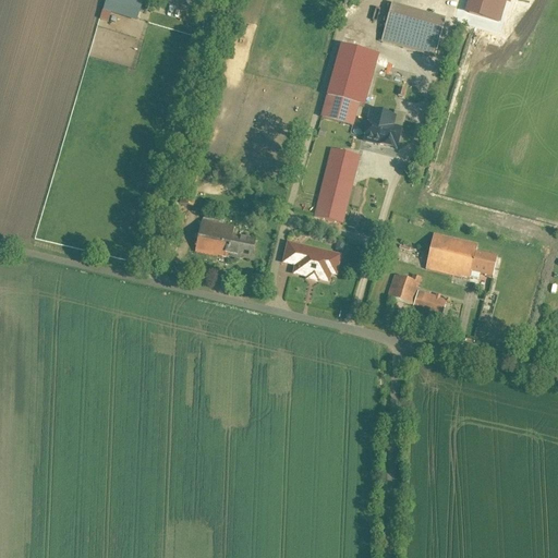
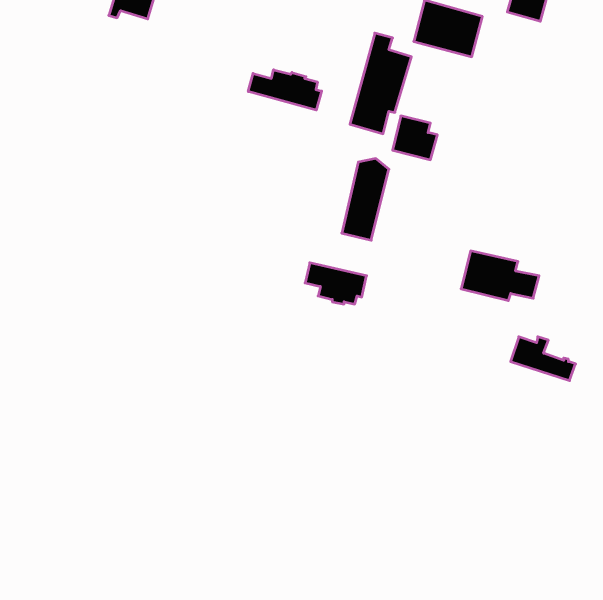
building: none -> [248,70,322,110]
building: [194,218,252,262] -> none
building: [387,272,447,313] -> [511,337,576,381]

